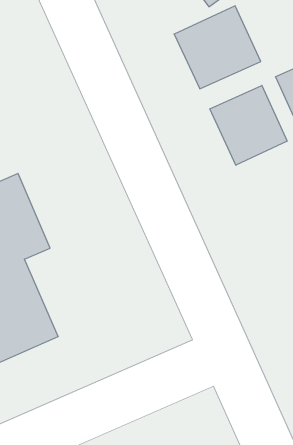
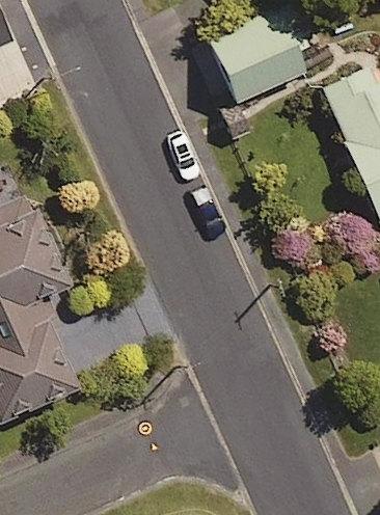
building: [210,85,287,165] -> none

